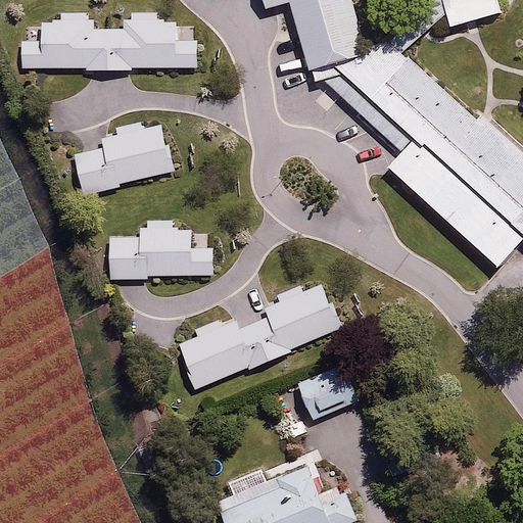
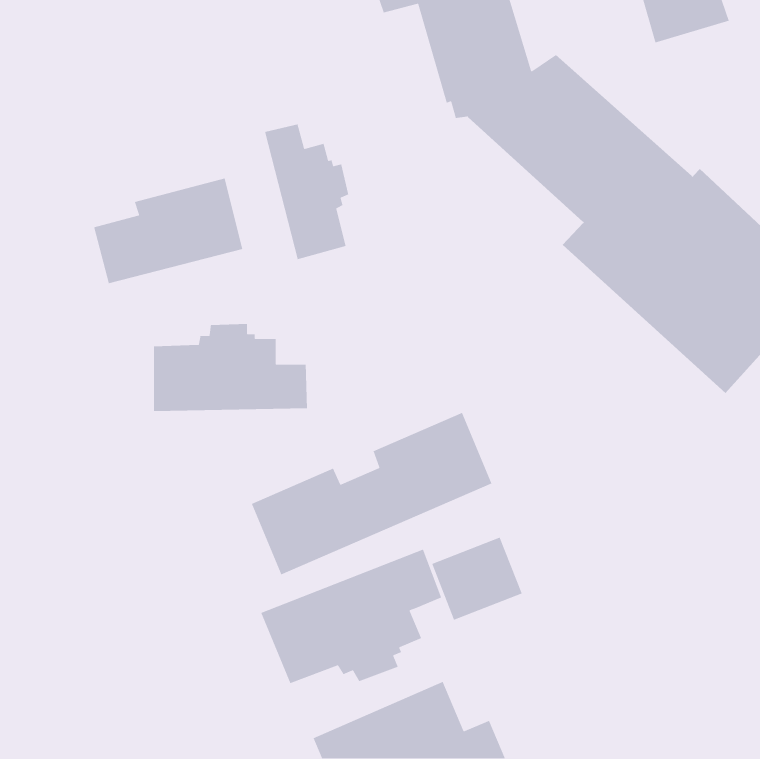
building: [20,12,199,70] -> none
building: none -> [264,123,349,260]
building: none -> [260,548,442,684]

